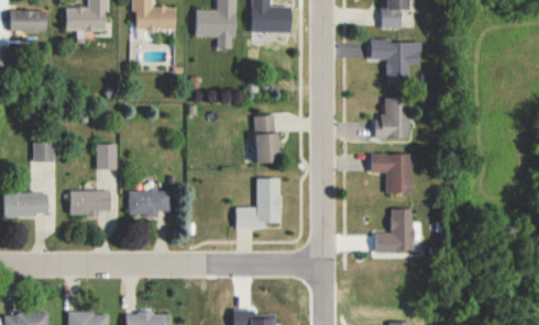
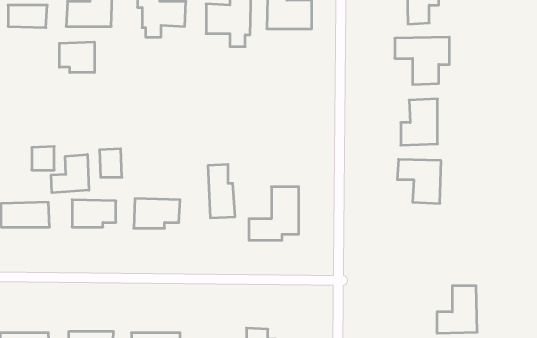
building: none -> [59,42,94,73]
building: [256,114,282,164] -> [208,164,235,218]
building: none -> [51,154,89,193]
building: [376,209,414,253] -> [437,286,477,333]

